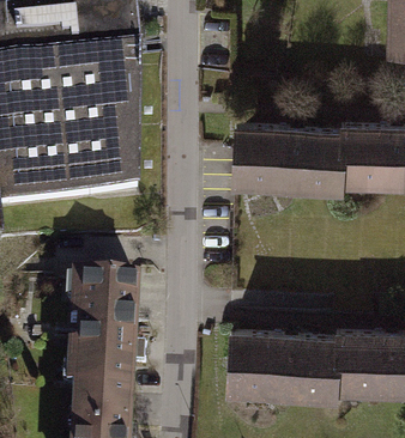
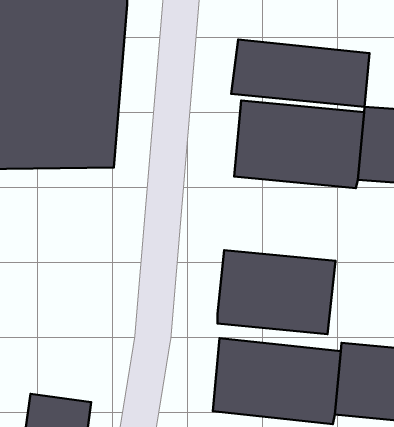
building: none -> [231,39,370,107]
building: none -> [217,250,335,334]
building: [68,272,140,388] -> none

